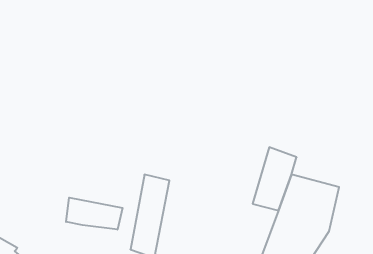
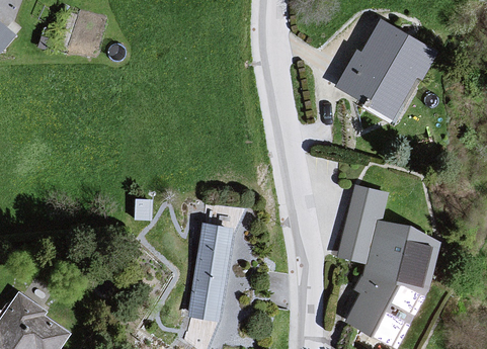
building: none -> [339,24,432,120]
building: [66,198,123,230] -> none

